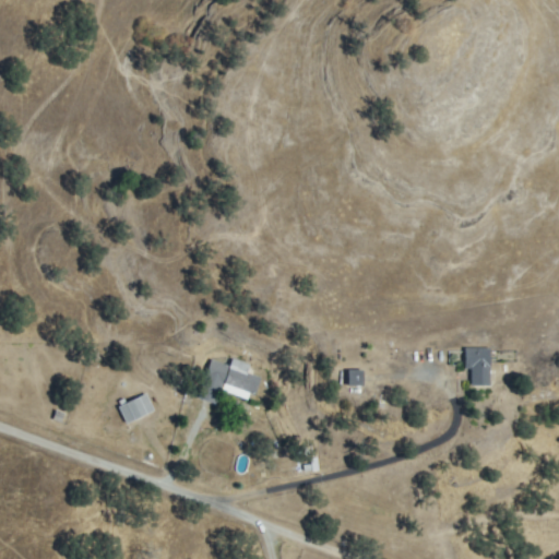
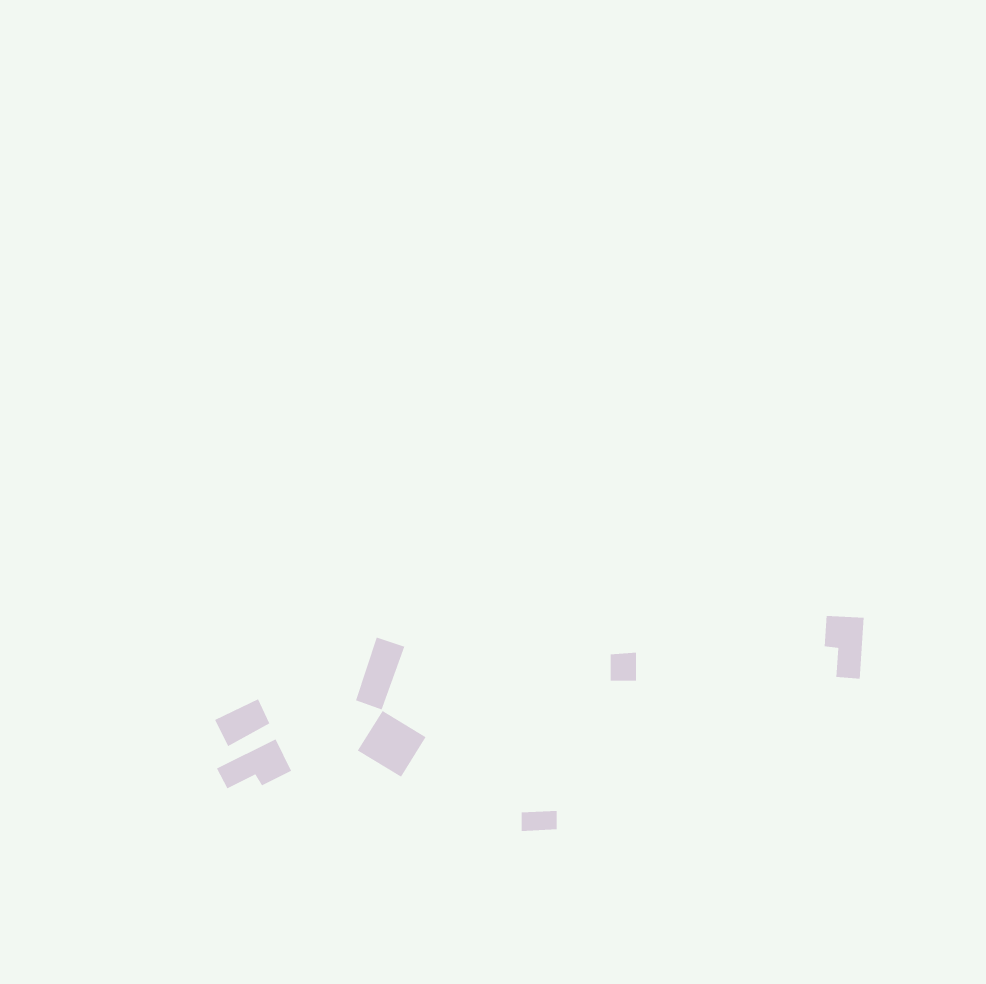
building: [223,361,262,400] -> [357,710,426,778]
building: none -> [216,738,292,789]

